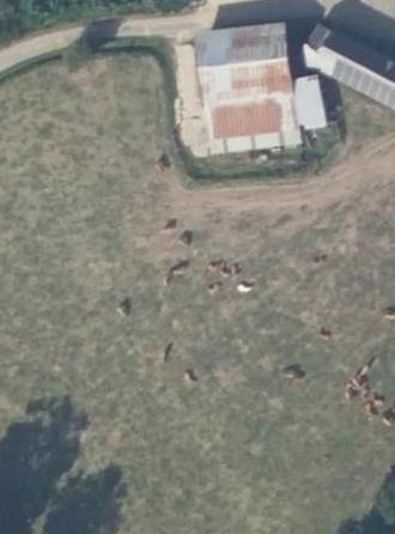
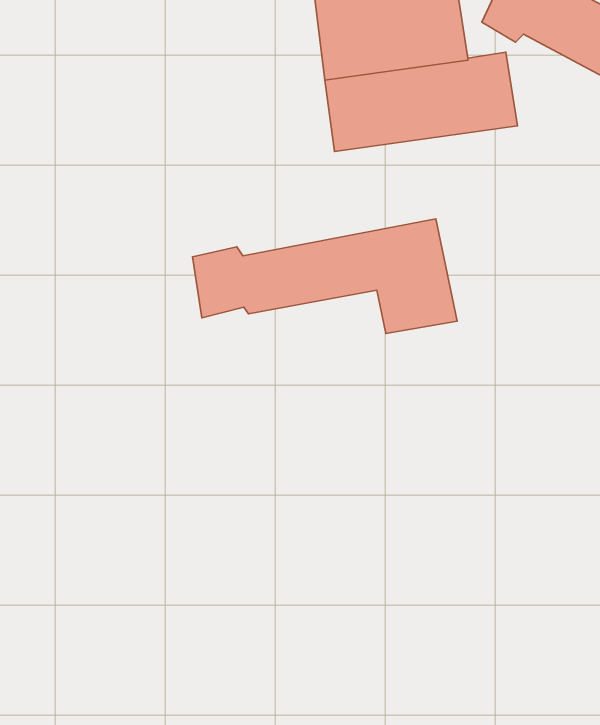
building: none -> [192,219,457,333]

